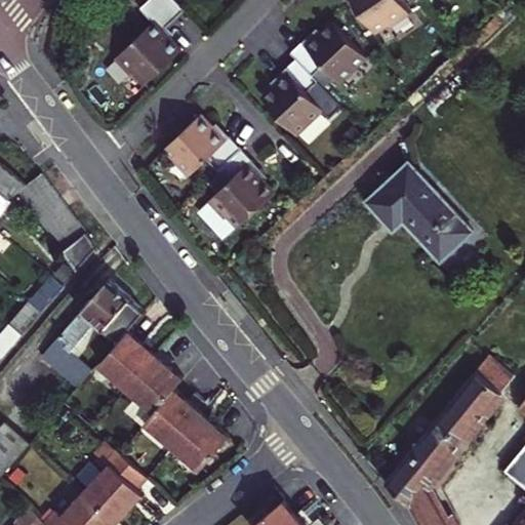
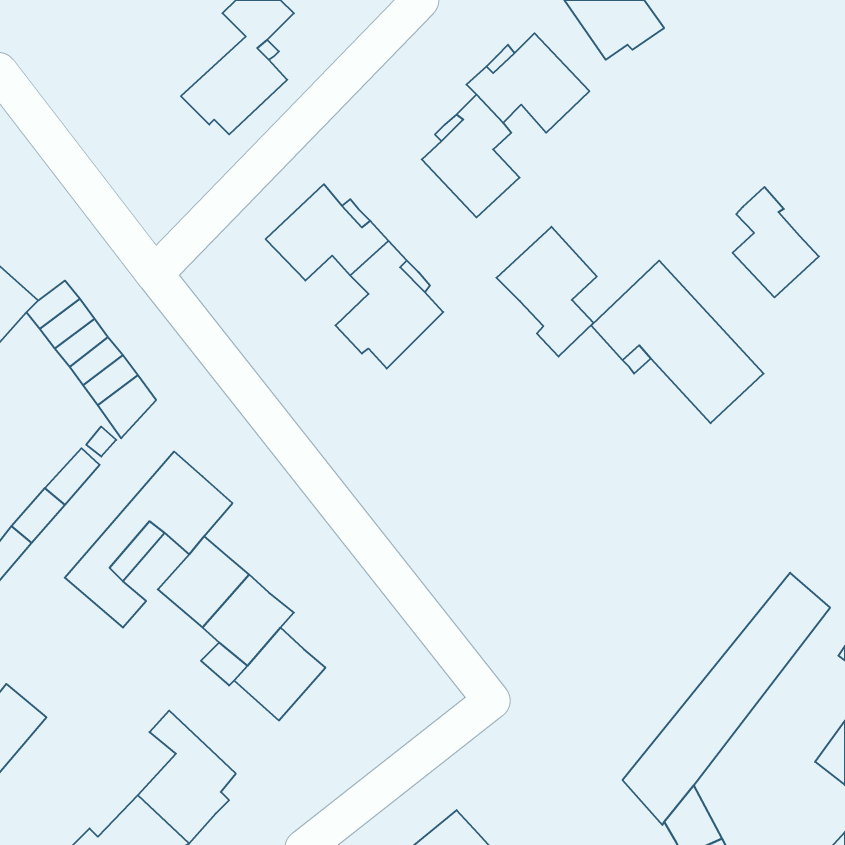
building: none -> [733,187,819,297]
building: none -> [496,227,597,357]
building: [172,414,229,471] -> none

